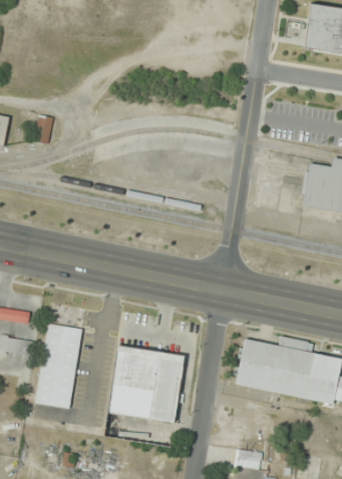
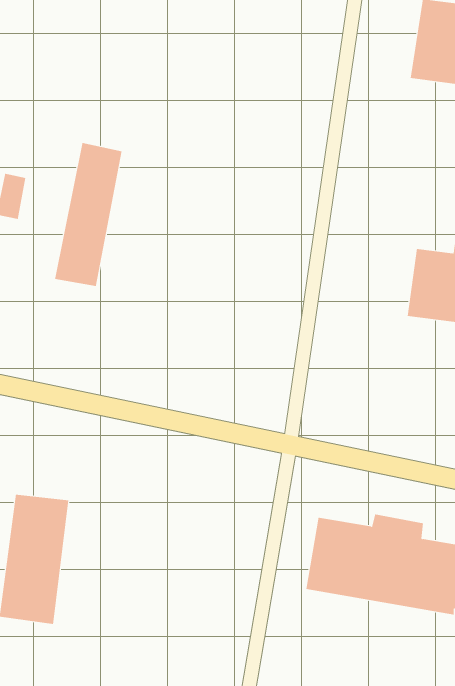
building: none -> [55,142,122,287]
building: [107,345,184,422] -> none

